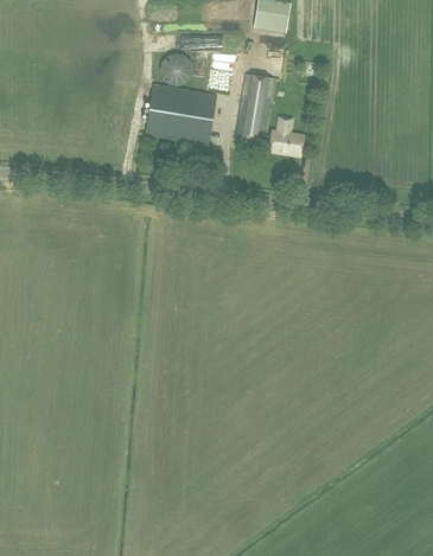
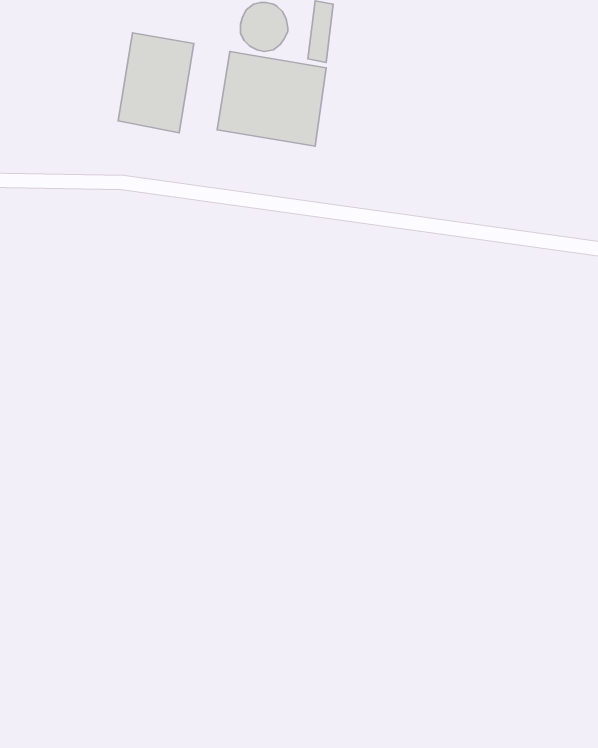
building: none -> [118,33,194,133]
building: [235,72,304,155] -> none

